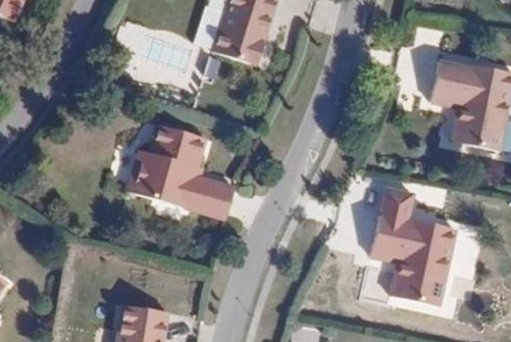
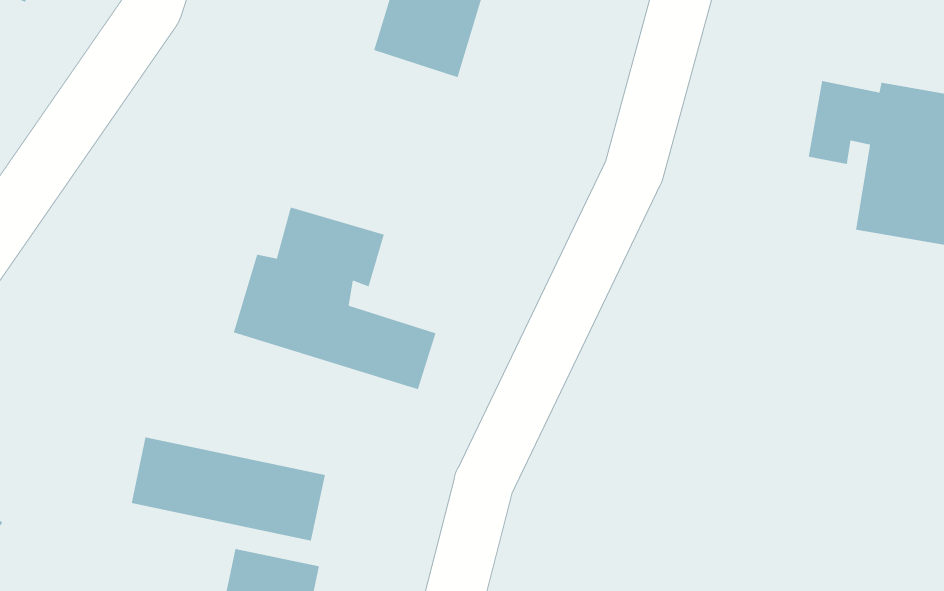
building: [376,190,457,302] -> none
building: none -> [131,436,326,542]

